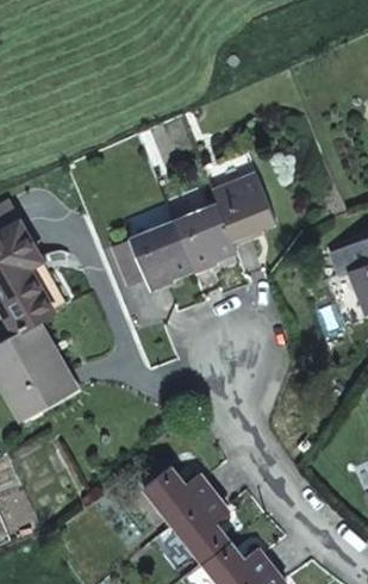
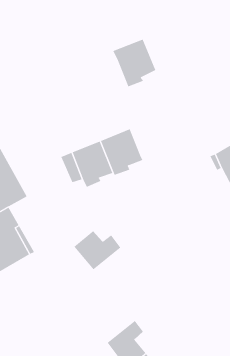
building: [207,175,272,247] -> [113,39,156,87]
building: [150,462,220,521] -> [74,231,121,270]

